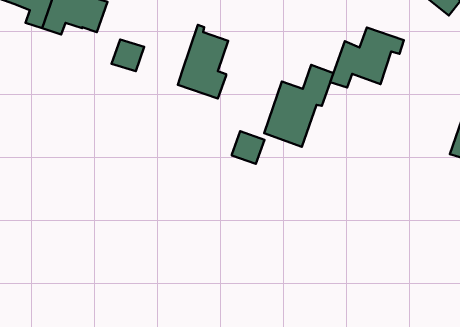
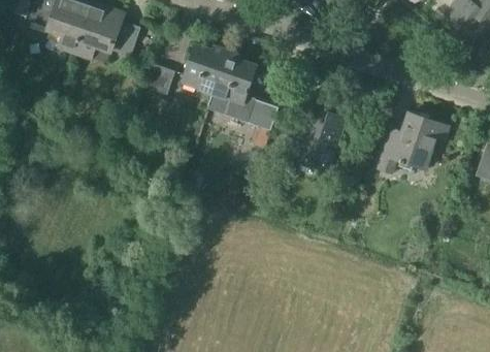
building: none -> [181,42,228,94]
building: [330,28,404,87] -> [377,114,449,172]
building: [232,131,264,164] -> [248,98,280,130]

